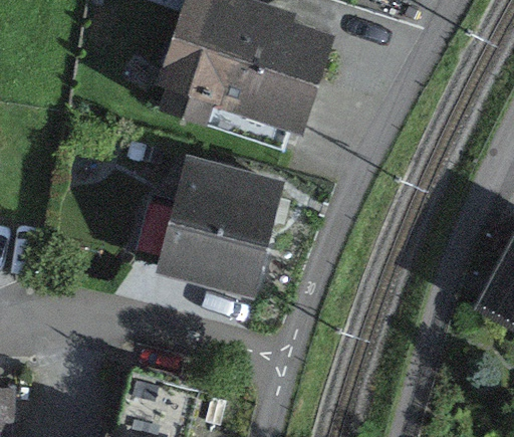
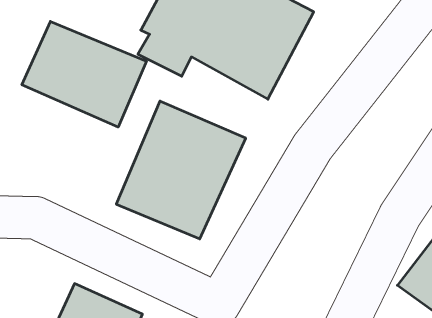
building: none -> [22,21,146,127]

